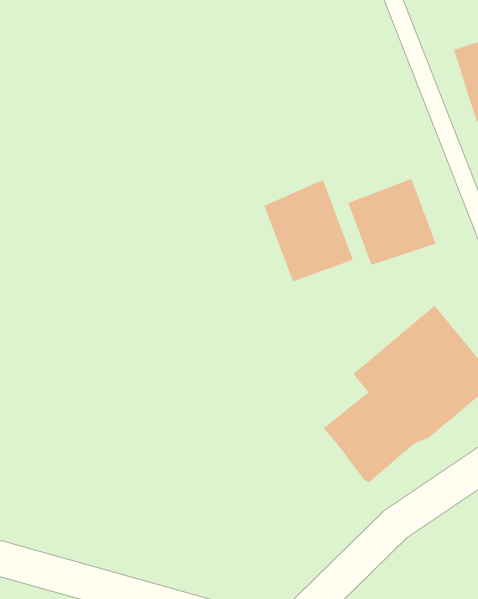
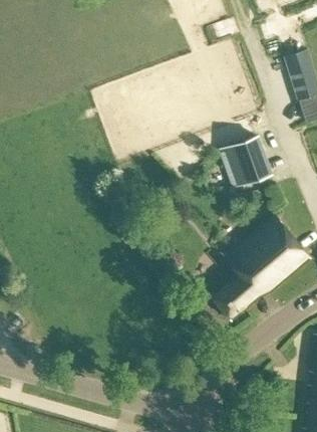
building: [264,179,354,282] -> none

